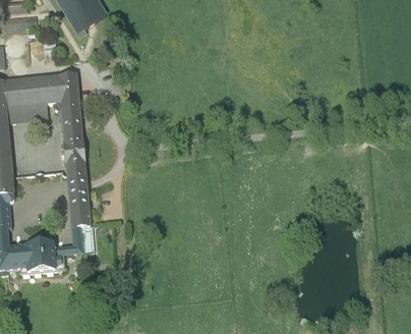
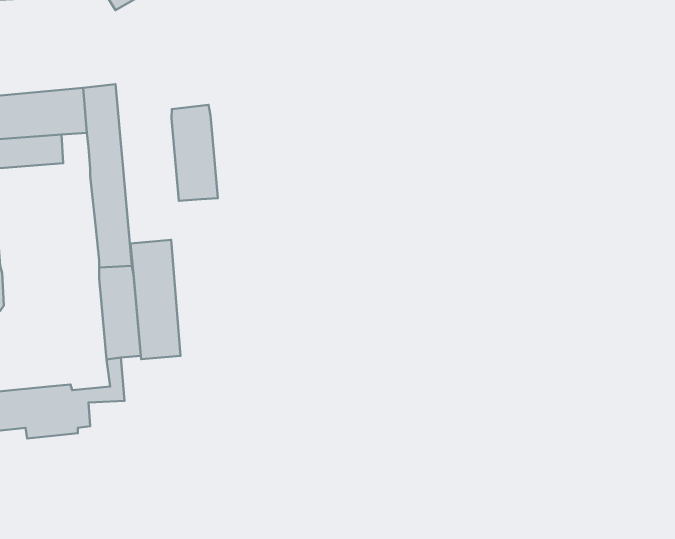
building: none -> [171,105,218,201]
building: none -> [130,240,180,359]

